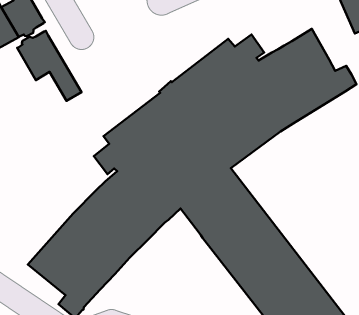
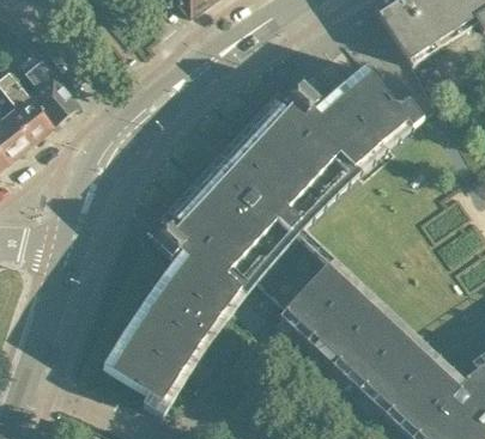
building: [17,31,82,101] -> none

